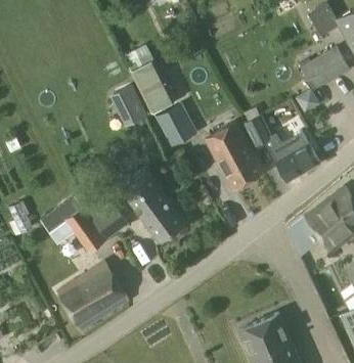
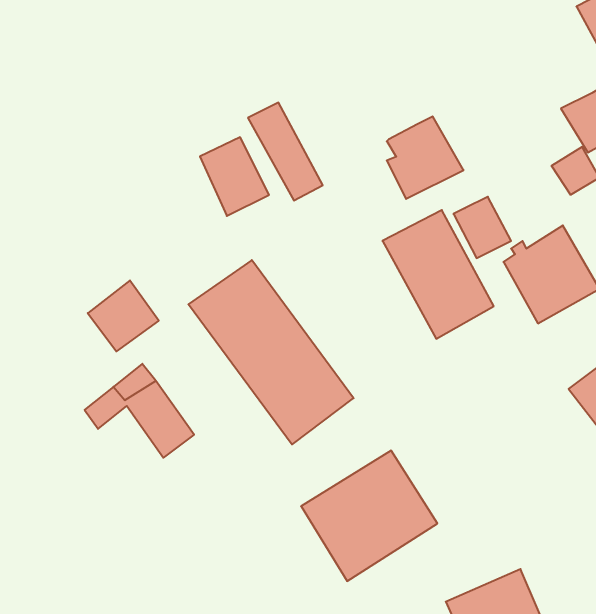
building: [157,104,197,148] -> [387,116,464,199]
building: [91,202,129,240] -> [88,280,159,351]
building: [56,262,129,331] -> [301,451,437,581]

